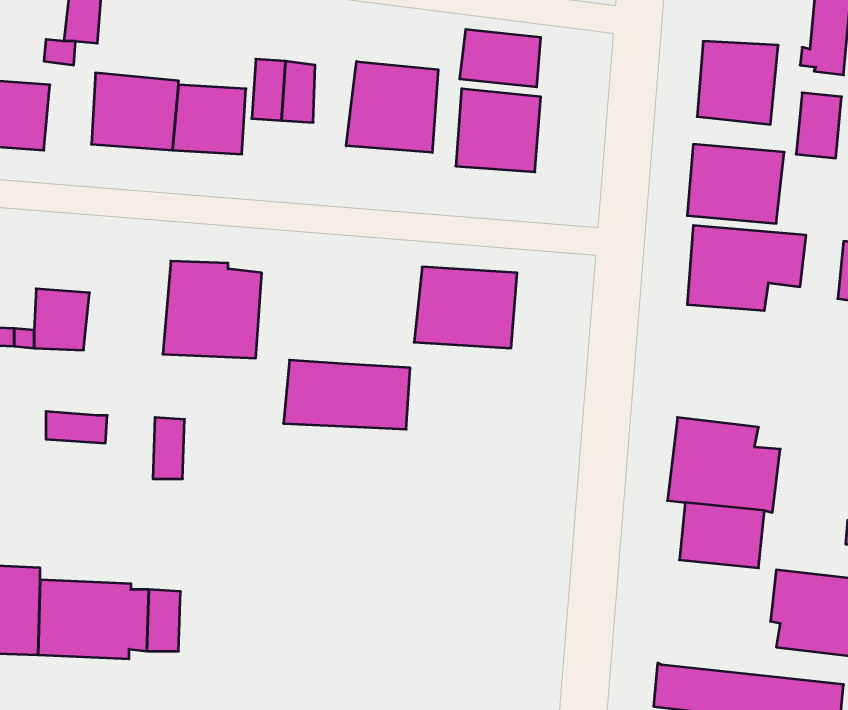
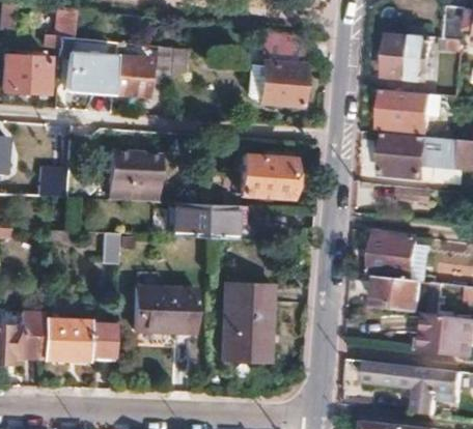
building: [346,61,438,153] -> none
building: none -> [221,282,272,360]
building: none -> [134,288,195,333]

